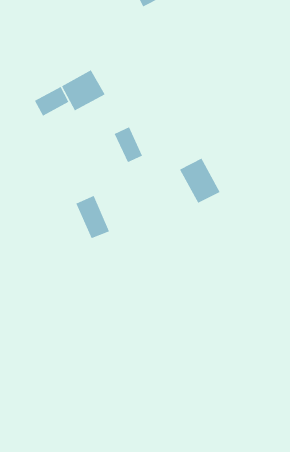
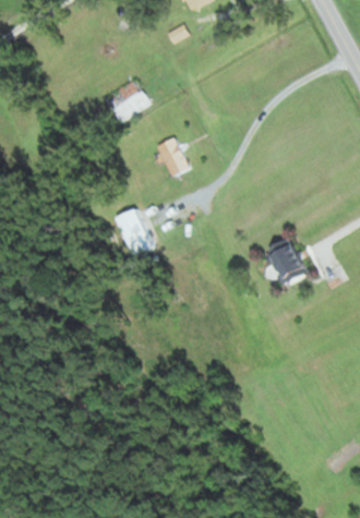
building: [34,86,69,116] -> none
building: [179,158,220,204] -> [265,239,309,287]

